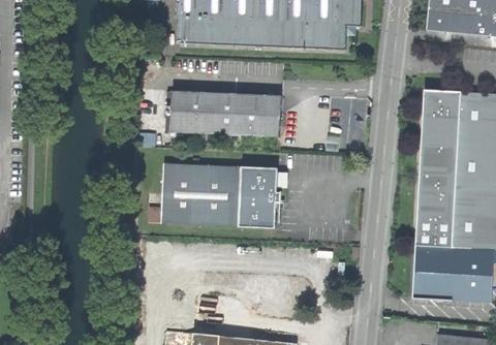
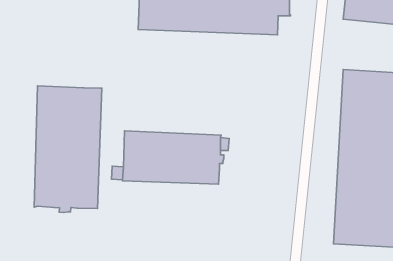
building: [170,89,281,137] -> none
building: none -> [34,86,102,213]

